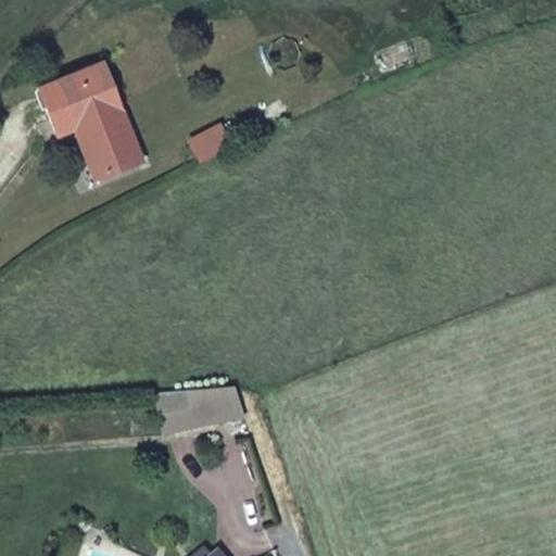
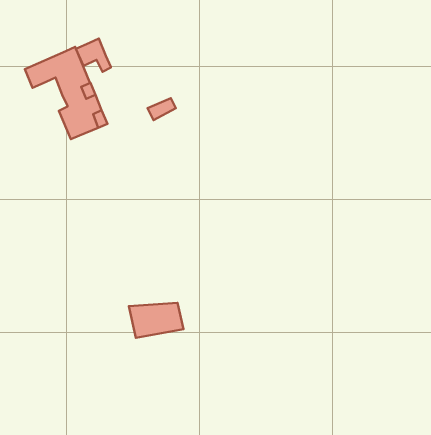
building: [48,100,92,142] -> [76,39,111,72]

